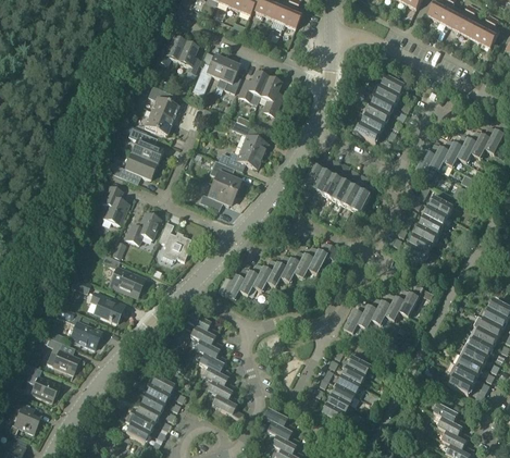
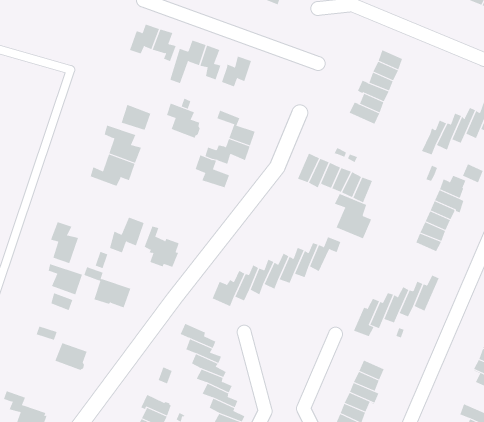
building: [260,77,283,114] -> none
building: [148,85,178,119] -> [166,103,201,138]
building: [196,182,234,215] -> none
building: [102,185,128,224] -> [50,221,79,264]
building: none -> [334,193,372,239]
building: [91,292,123,322] -> [48,264,83,295]
building: [46,336,79,372] -> none

